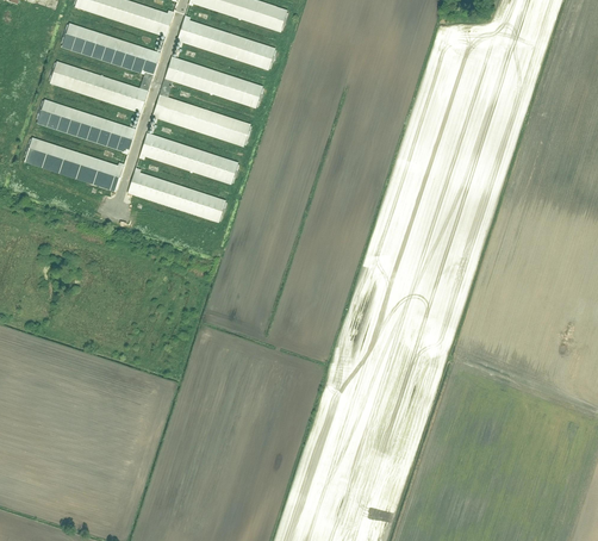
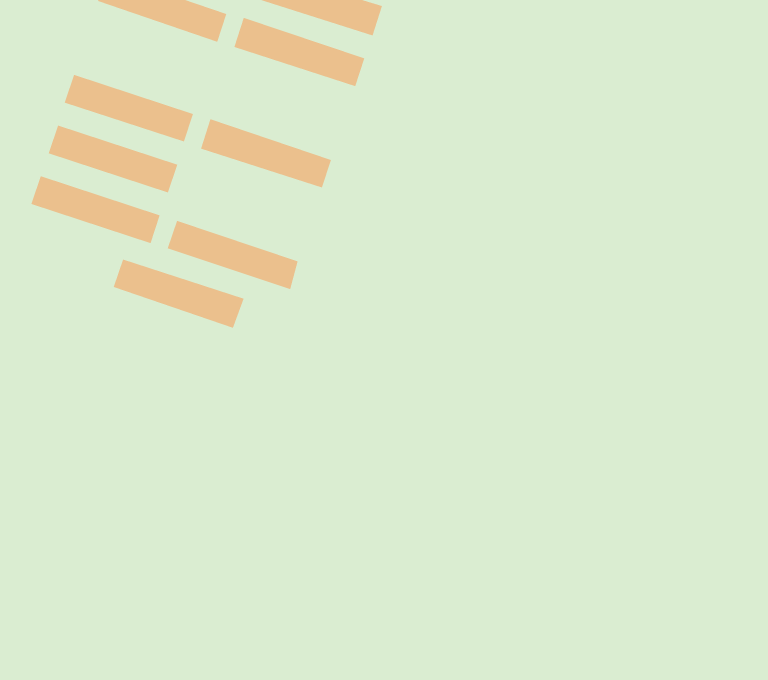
building: [61,24,160,75] -> none
building: [163,58,262,110] -> none
building: [139,133,238,186] -> [113,259,245,328]

